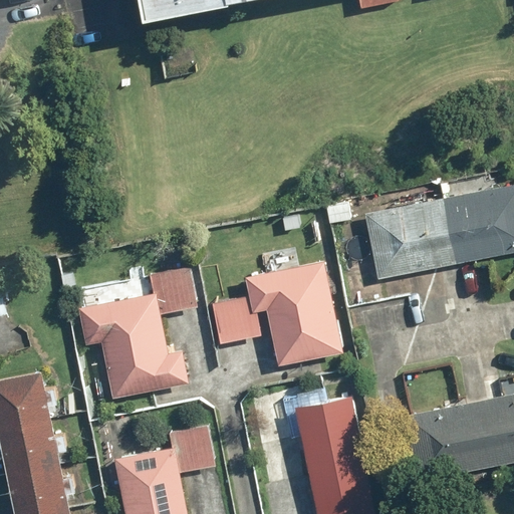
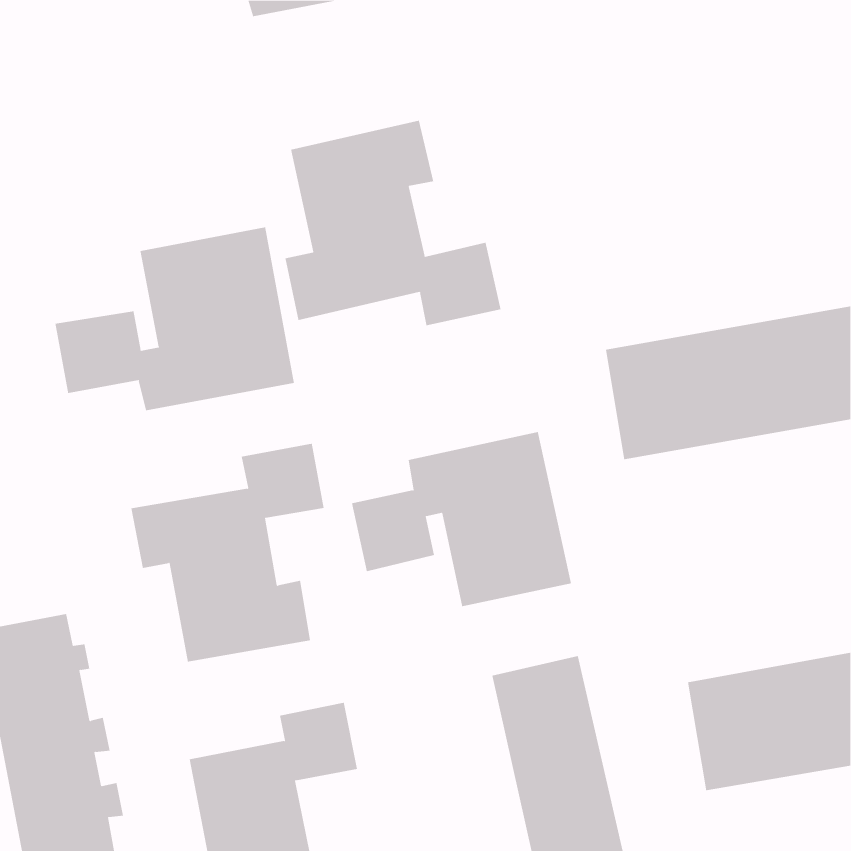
building: none -> [285,120,501,326]
building: none -> [55,227,295,411]

